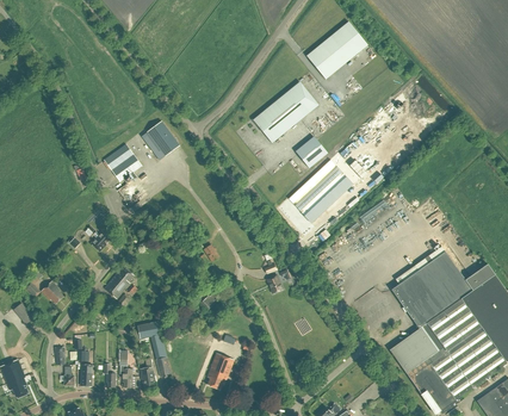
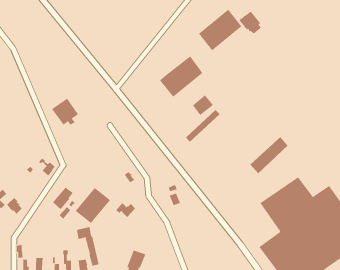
building: none -> [238,11,262,34]
building: [142,120,180,160] -> none
building: [299,170,353,223] -> [250,136,288,174]
building: none -> [75,187,111,224]

